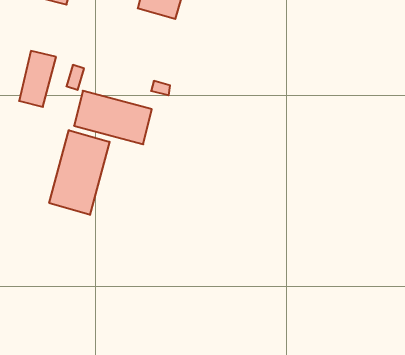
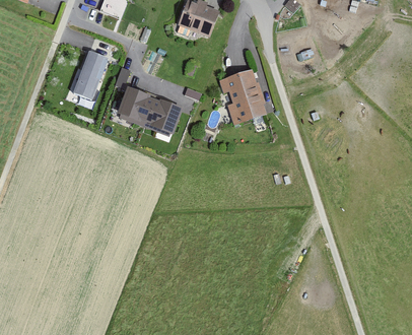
building: none -> [220,66,270,125]
building: [49,130,110,215] -> none

